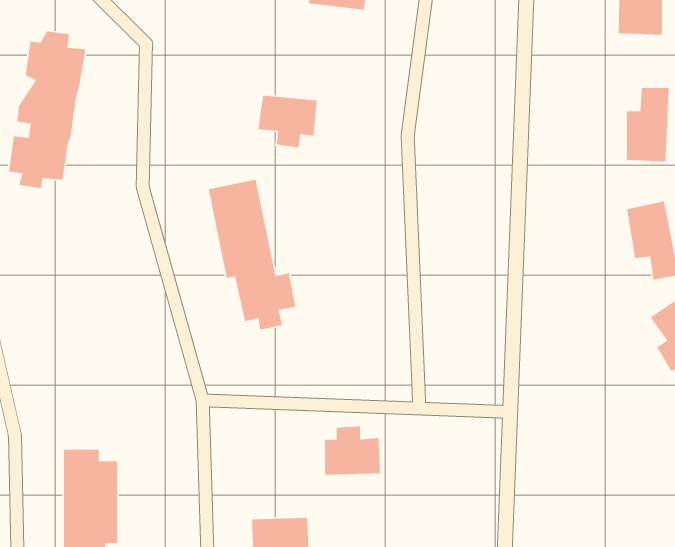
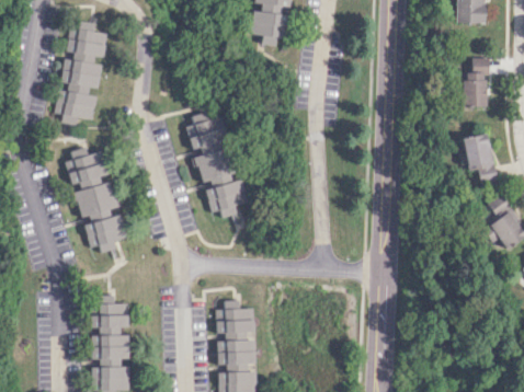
building: [258,95,318,148] -> [249,11,288,46]
building: none -> [66,150,128,253]
building: [324,426,381,476] -> [216,300,253,333]

